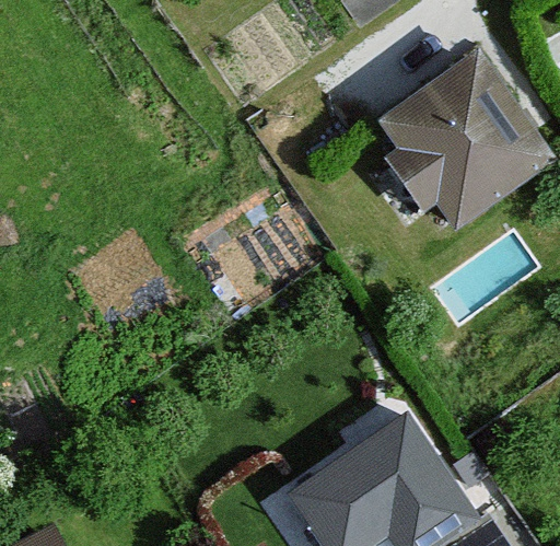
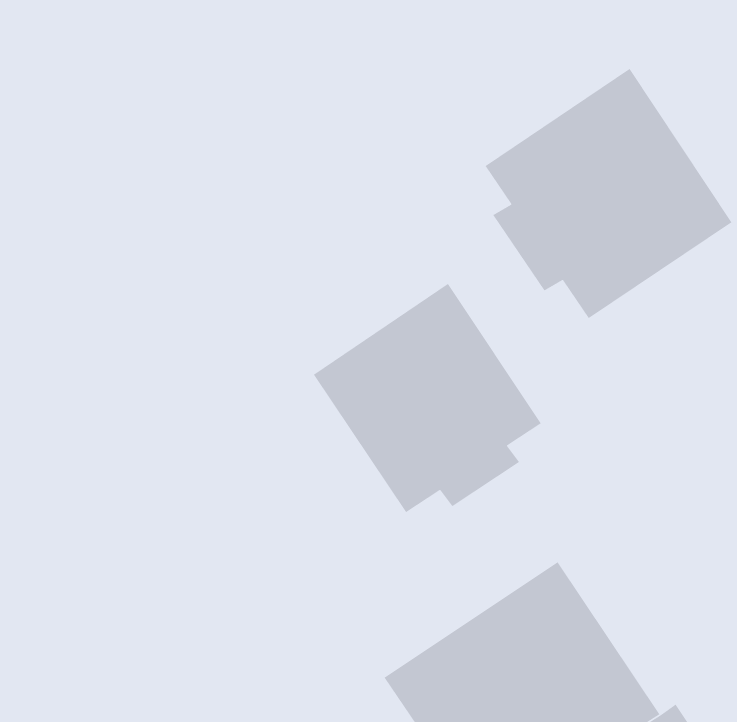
building: none -> [313,283,542,513]

